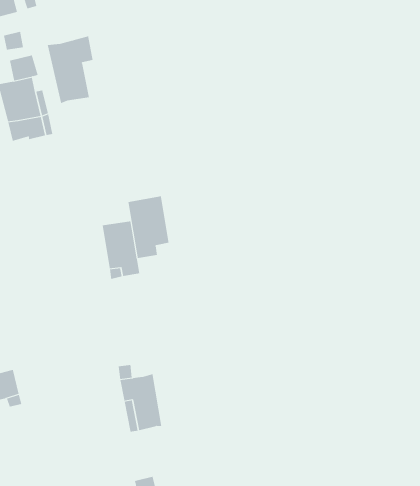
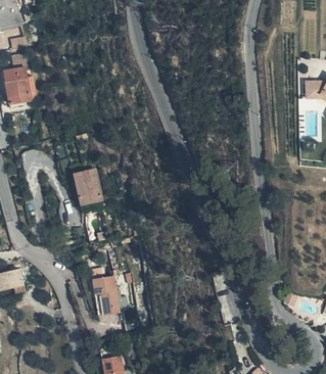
building: [47,35,93,104] -> none
building: [128,195,169,259] -> none

